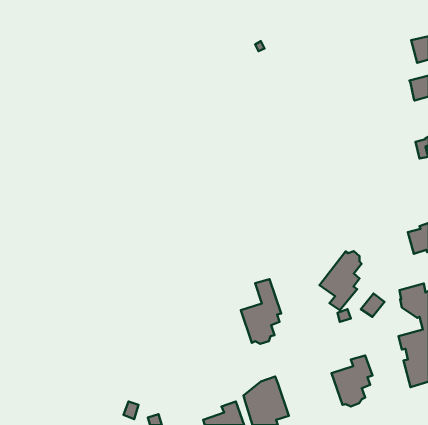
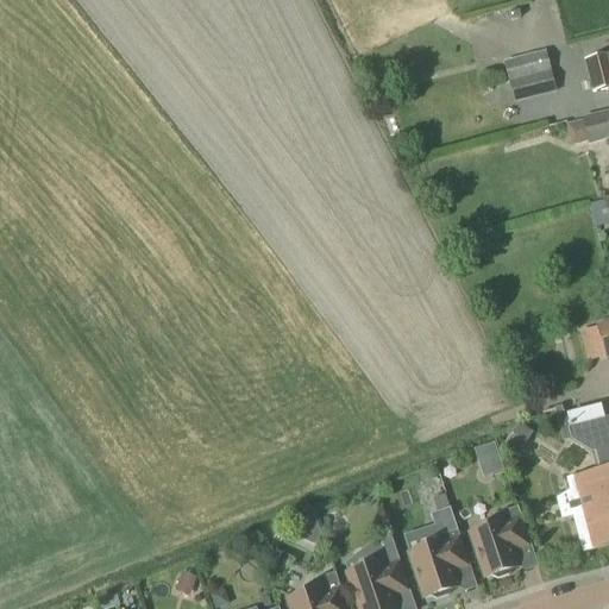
building: none -> [504,48,557,100]
building: [319,251,362,310] -> none
building: [241,279,281,344] -> [410,506,467,597]

